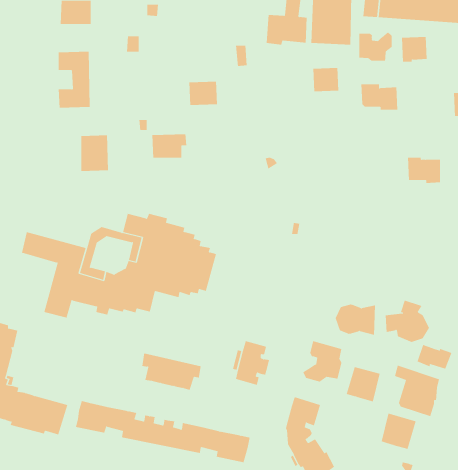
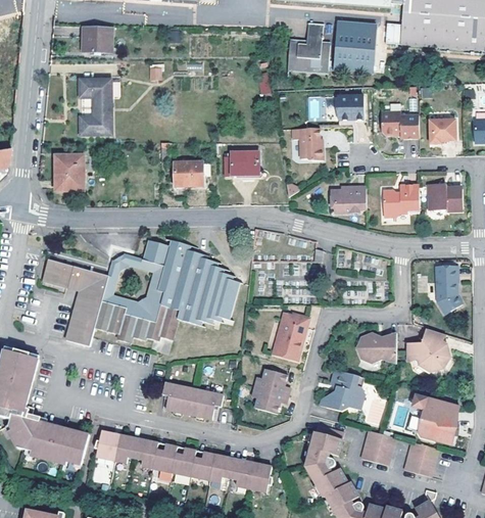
building: [359,32,392,62] -> none
building: [401,37,428,62] -> [430,119,456,144]
building: [188,81,218,106] -> [230,151,259,176]
building: none -> [292,128,322,159]
building: [80,135,109,171] -> [55,154,84,191]
building: none -> [331,186,367,211]
building: none -> [384,186,421,217]
building: none -> [436,267,463,314]
building: none -> [272,313,309,359]
building: [417,344,452,370] -> none
building: [346,367,381,402] -> [359,430,394,466]

